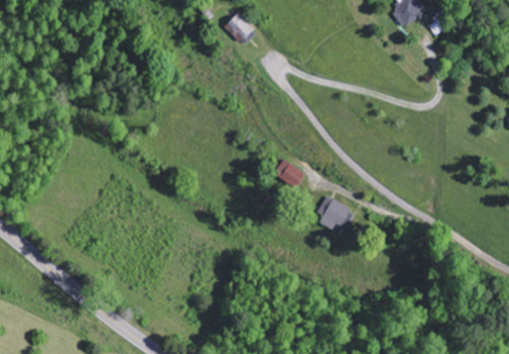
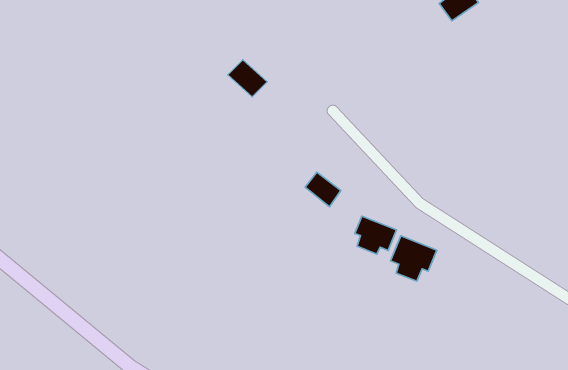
building: [223,13,257,45] -> [228,60,267,97]
building: none -> [390,236,437,281]

